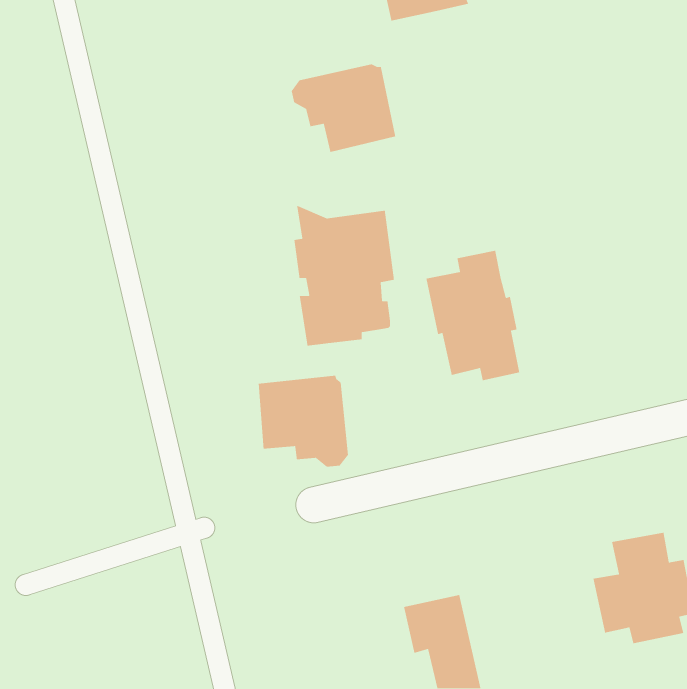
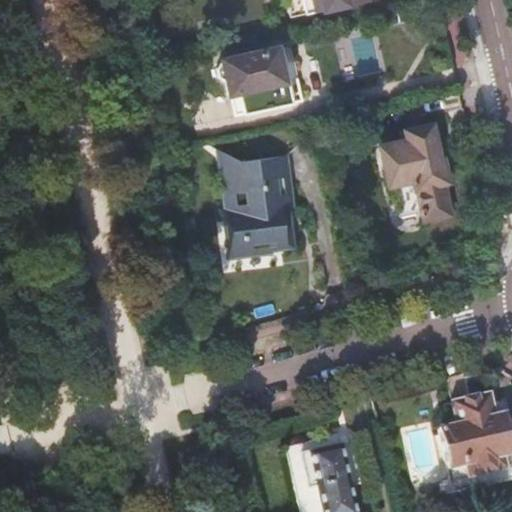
building: [425,250,520,381] -> [383,122,453,219]
building: [258,375,349,467] -> none

